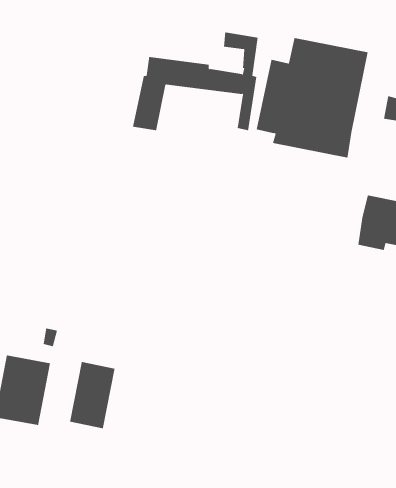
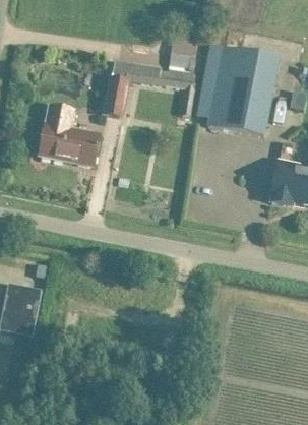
building: none -> [39,105,101,165]
building: [69,361,115,429] -> none

